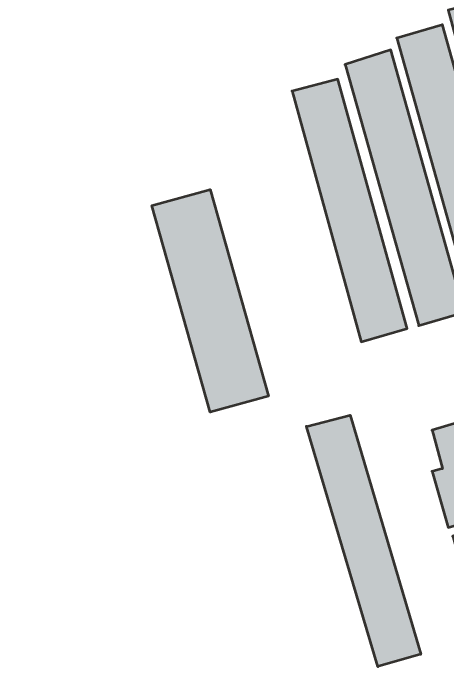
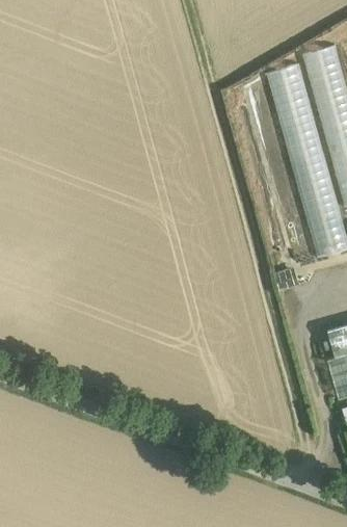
building: [152,190,268,412] -> none
building: [306,415,421,667] -> none

